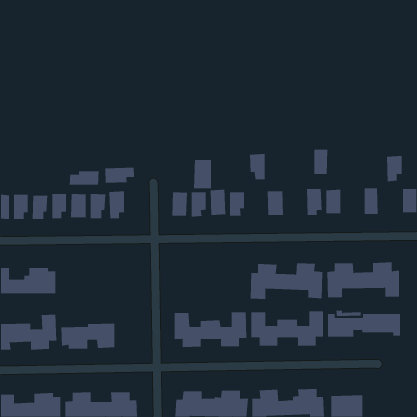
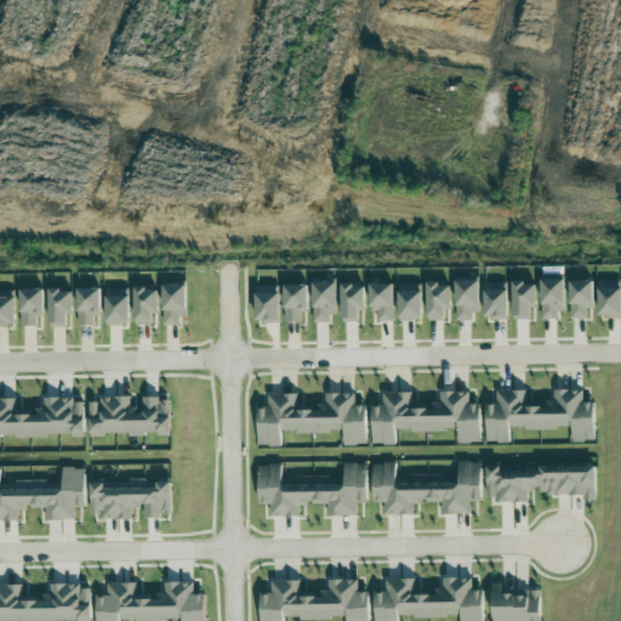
building: [314,149,328,175] -> [427,284,449,321]
building: [249,154,265,180] -> [369,283,393,321]
building: [386,156,402,182] -> [569,280,593,319]
building: [194,159,212,189] -> none
building: [105,167,135,183] -> none
building: [69,171,99,185] -> none
building: none -> [512,281,536,319]
building: none -> [257,393,366,446]
building: none -> [90,397,170,435]

